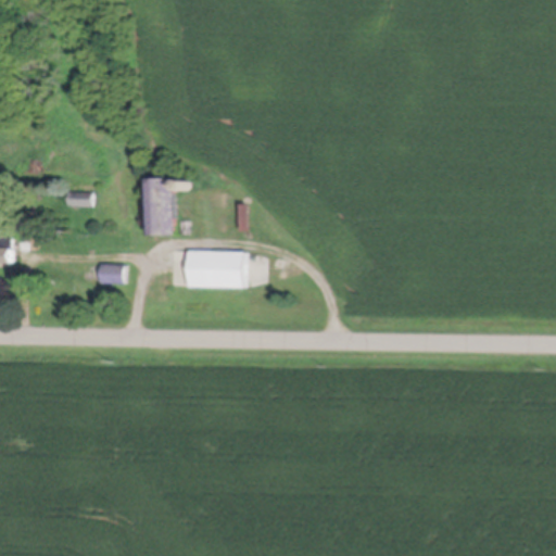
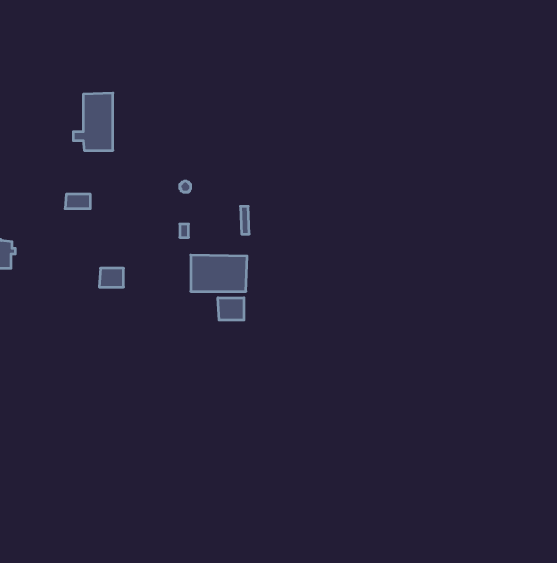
building: [135,178,174,235] -> [73,93,113,150]
building: none -> [218,298,244,320]

